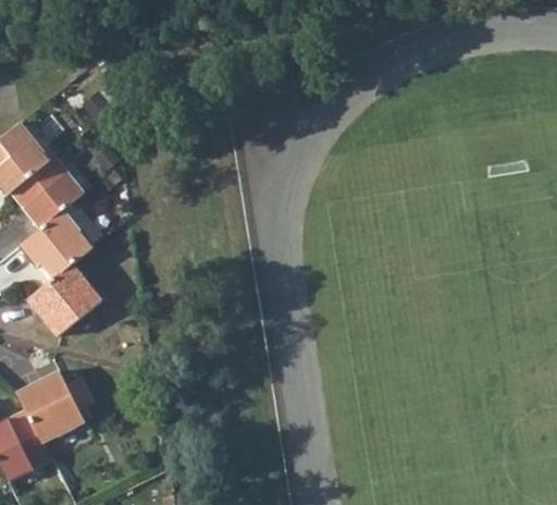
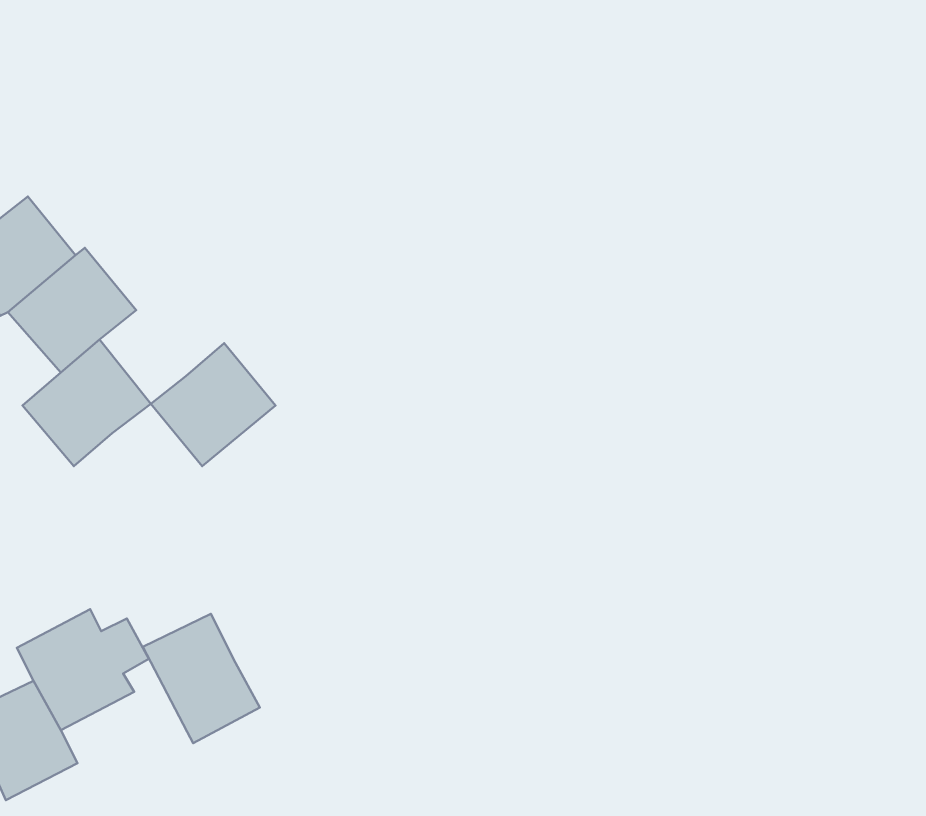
building: [27,264,101,337] -> [151,343,276,466]
building: none -> [143,614,260,743]

